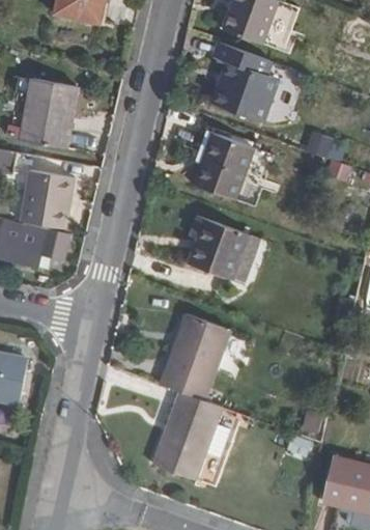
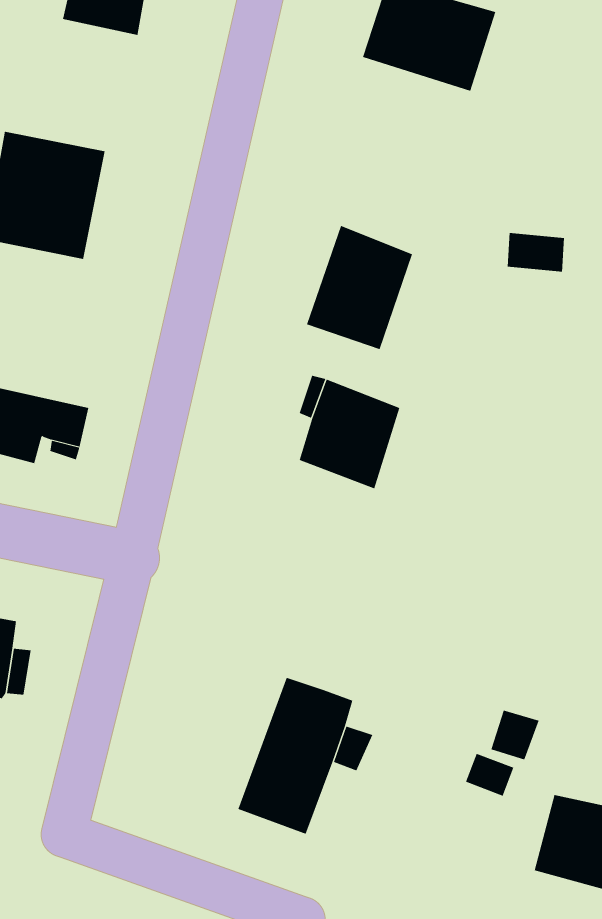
building: [211,44,278,124] -> none
building: [24,168,76,229] -> none
building: [160,313,230,396] -> none

